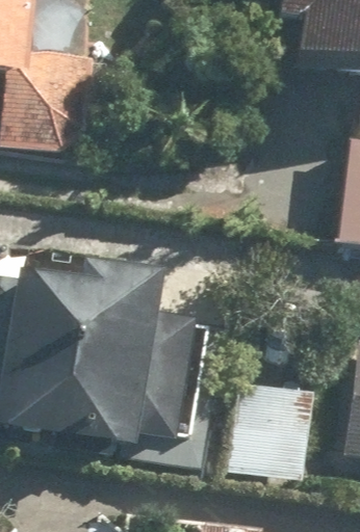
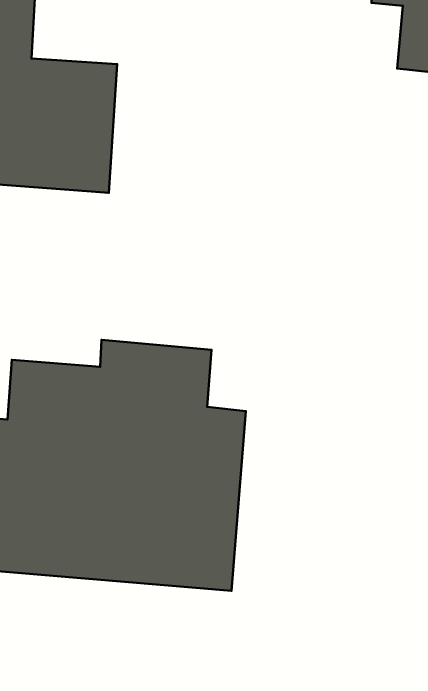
building: [226,385,313,485] -> none

